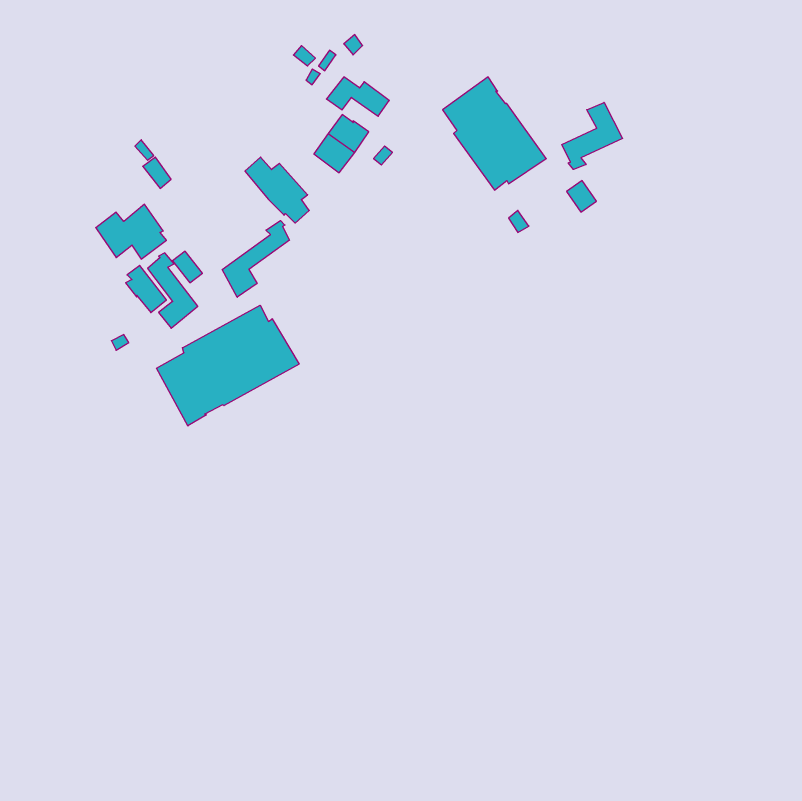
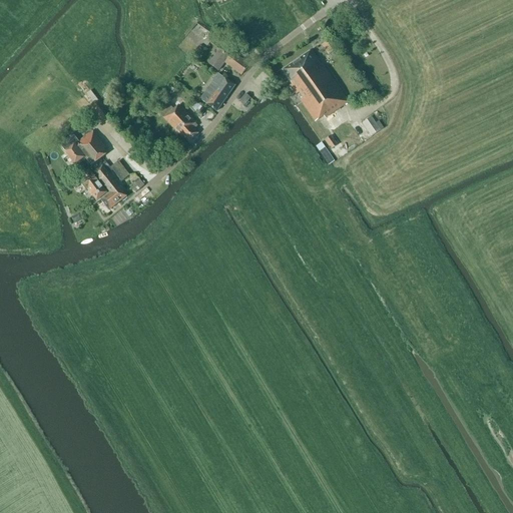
building: [562,102,623,169] -> none
building: [222,221,289,297] -> none
building: [157,305,299,426] -> none

